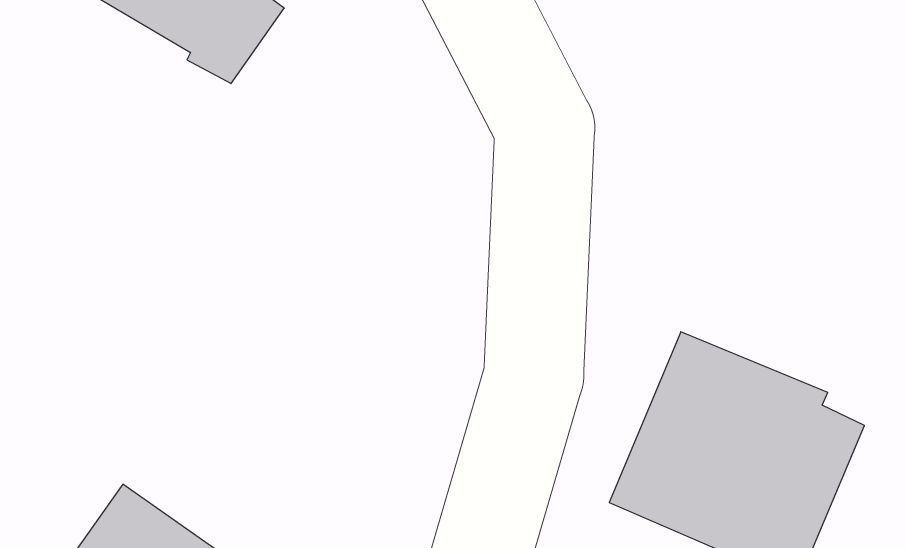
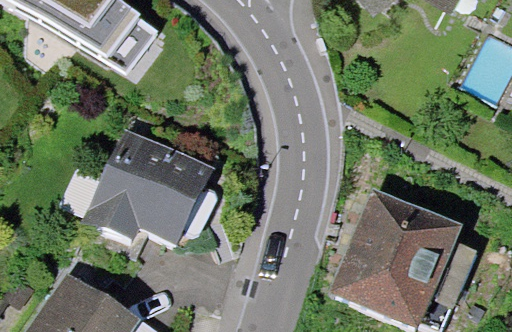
building: none -> [83,142,205,247]

